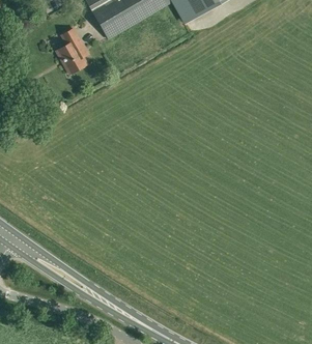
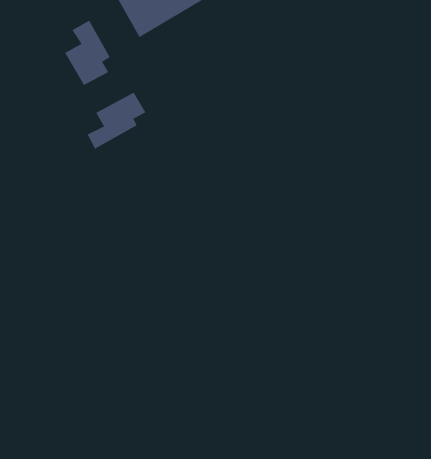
building: none -> [87,92,146,149]

